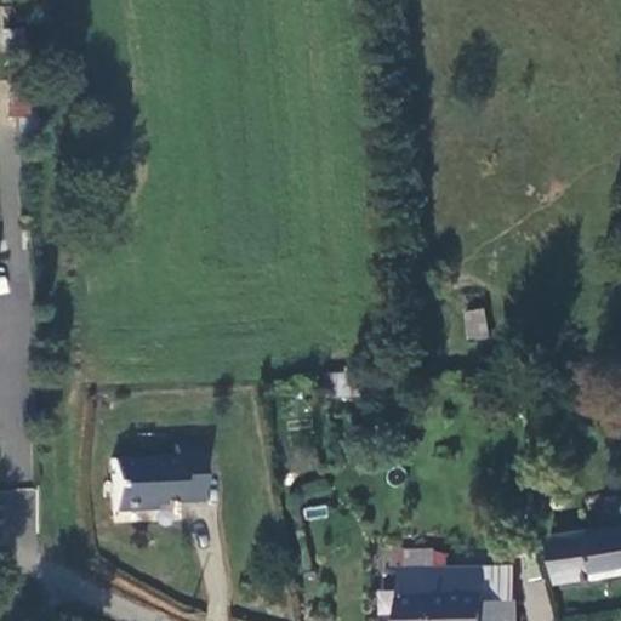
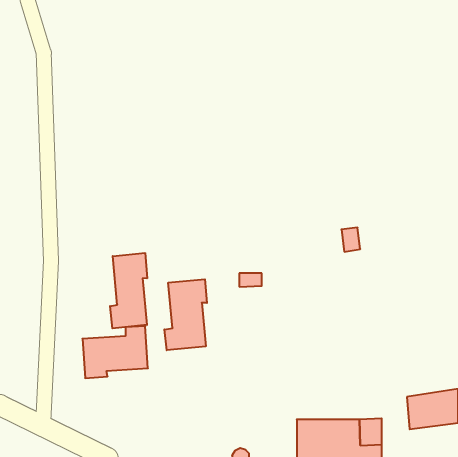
building: none -> [110,253,147,328]
building: none -> [164,279,207,350]

